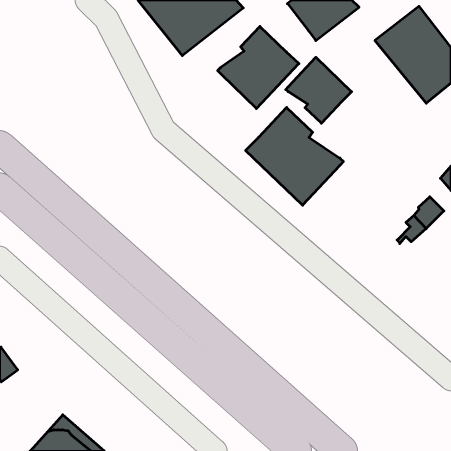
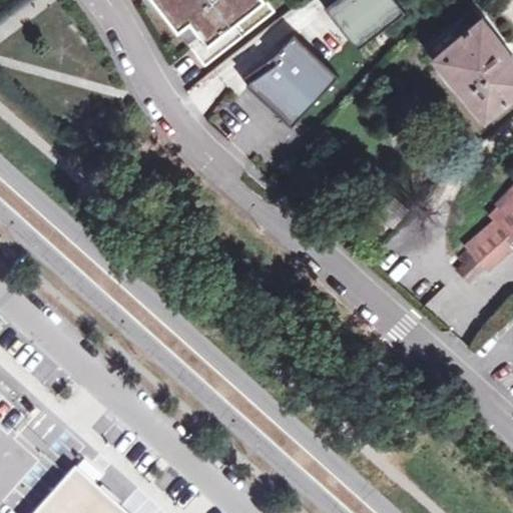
building: [286,57,352,123] -> none
building: [246,107,343,205] -> none

